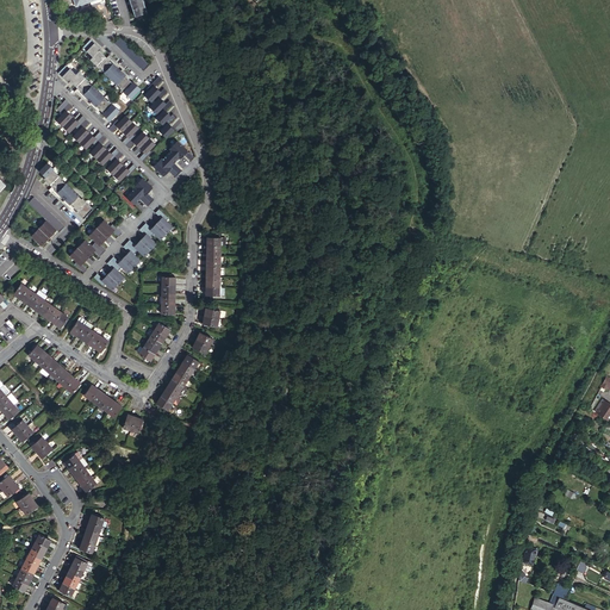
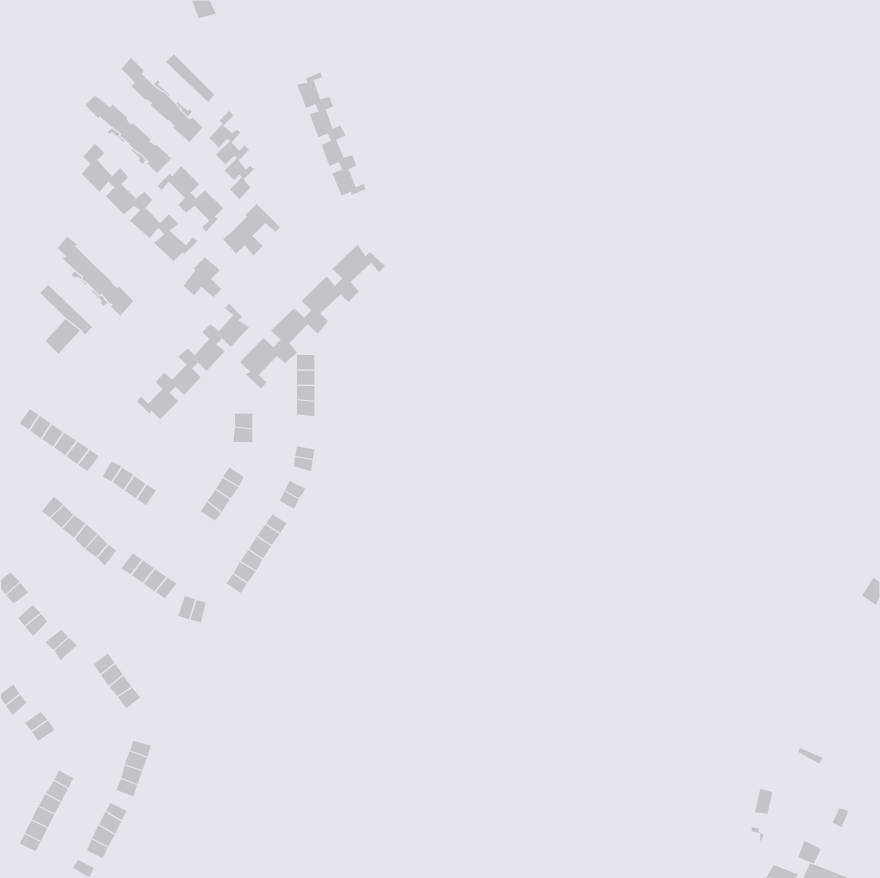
building: none -> [297,72,366,196]
building: none -> [239,244,386,389]
building: [69,220,122,274] -> none

